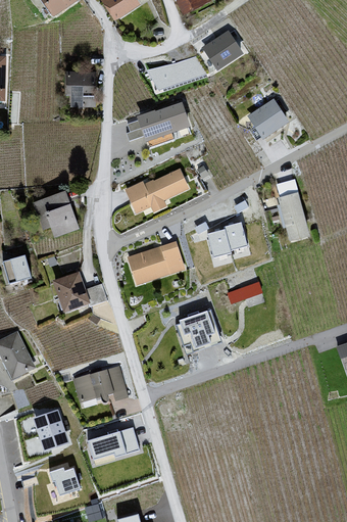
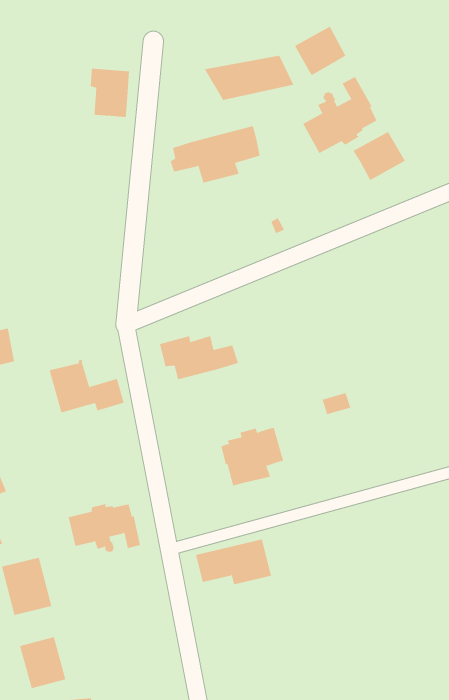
building: none -> [303,76,377,154]
building: [126,170,187,209] -> none
building: [34,192,77,235] -> none
building: [278,194,306,238] -> none
building: [207,221,247,256] -> none
building: [87,425,140,458] -> [195,539,272,585]

